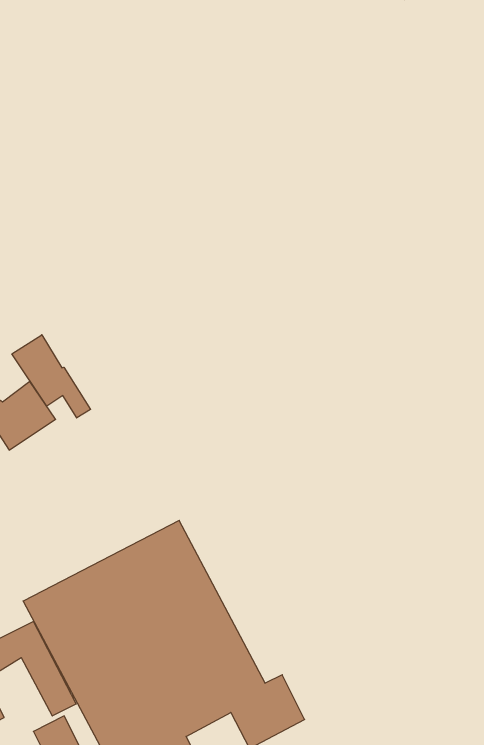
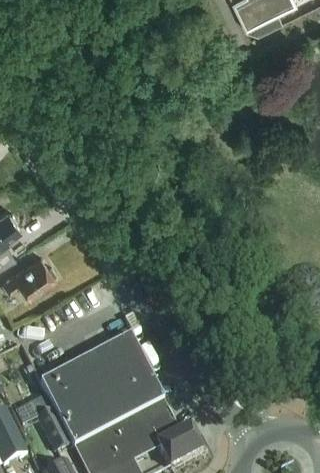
building: [12,335,91,418] -> none

